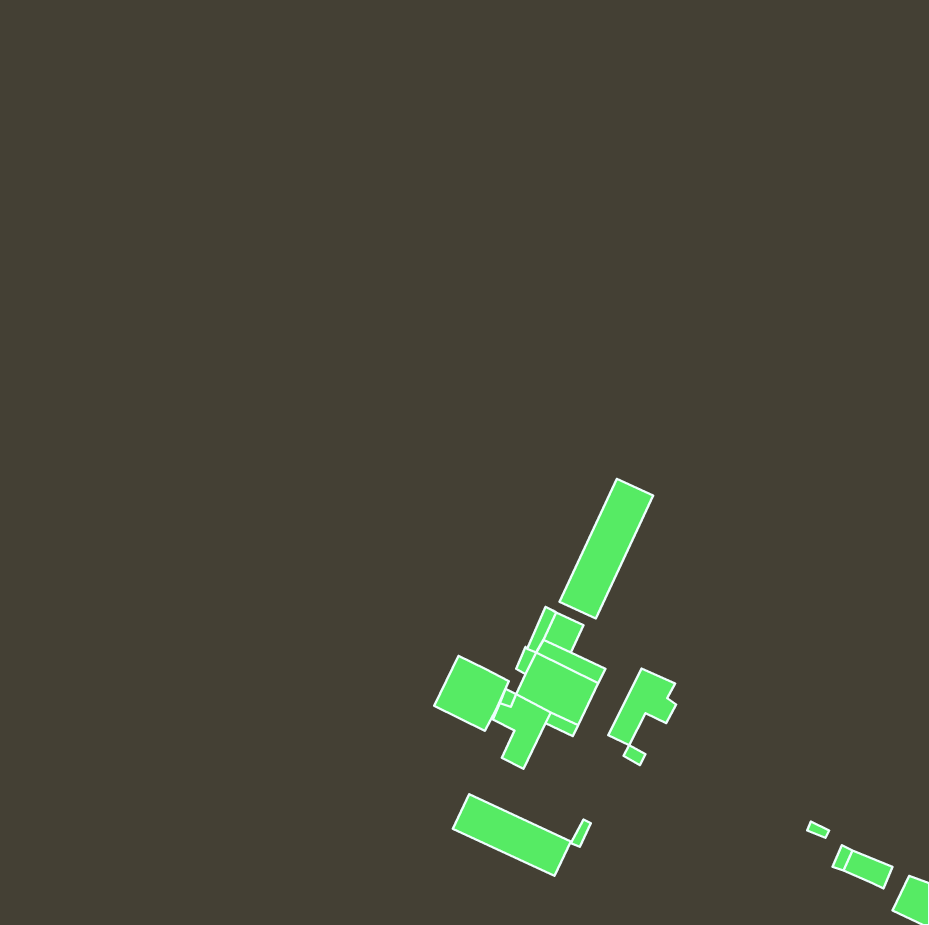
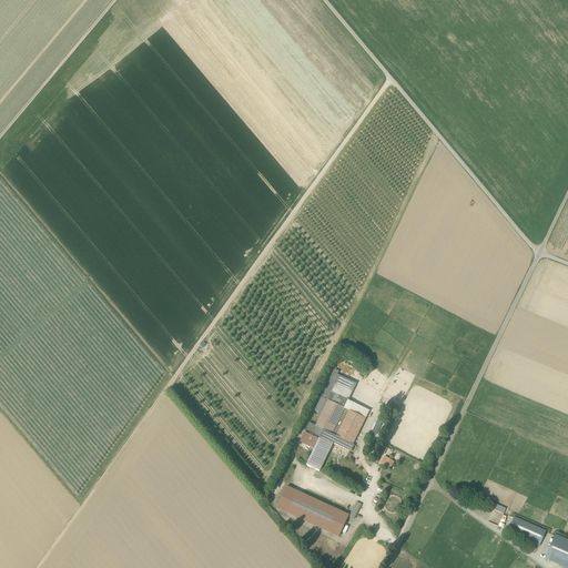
building: [559,479,653,618] -> none
building: [434,656,509,731] -> none
building: [608,669,676,745] -> none

